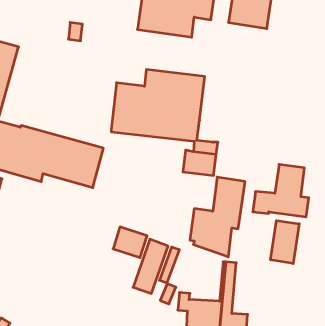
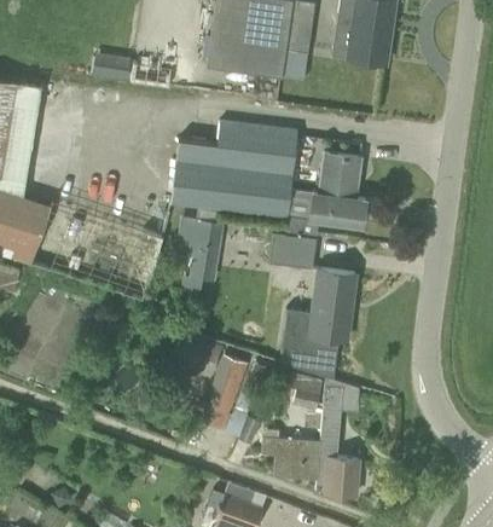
building: none -> [182,219,220,297]
building: [253,164,309,217] -> [290,154,367,226]
building: [271,221,299,264] -> none
building: none -> [290,373,324,410]

